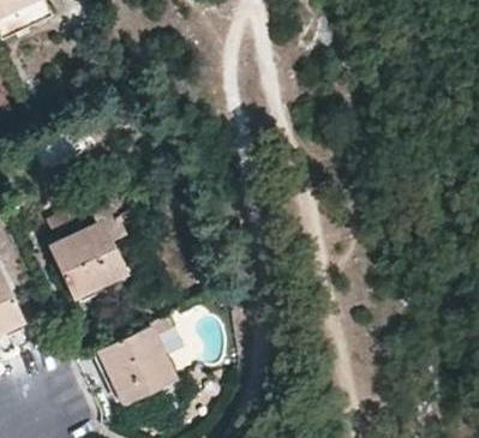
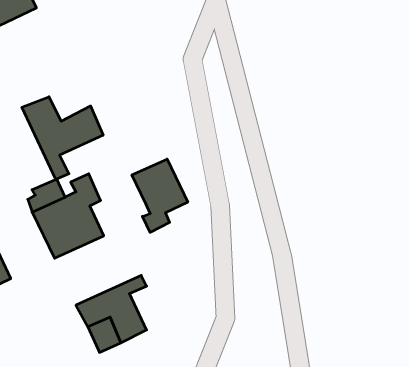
building: none -> [22,97,103,179]
building: none -> [132,159,188,232]

